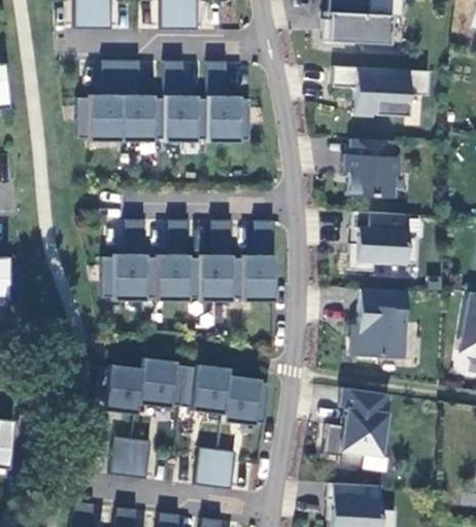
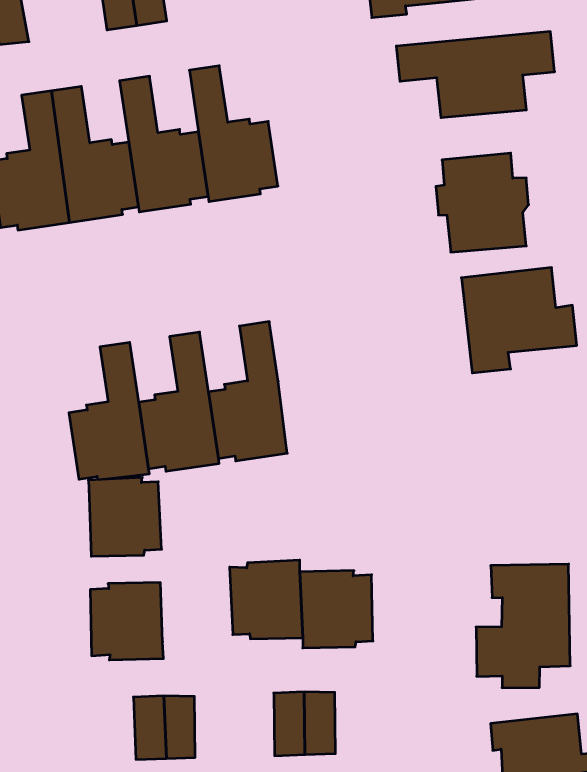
building: [231,219,275,301] -> none
building: [353,287,408,357] -> none
building: [138,357,185,408] -> [88,477,162,556]

